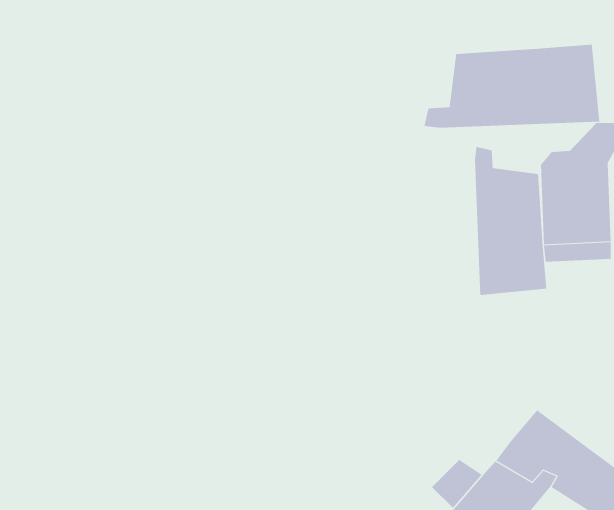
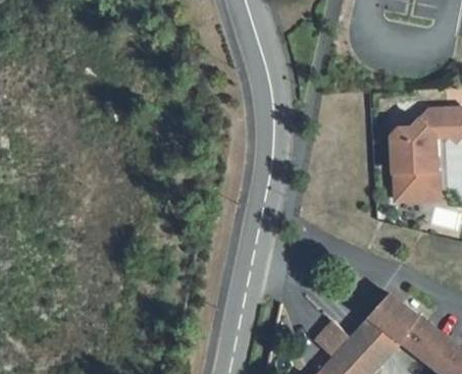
building: [424,44,600,128] -> none
building: [475,146,547,296] -> none

